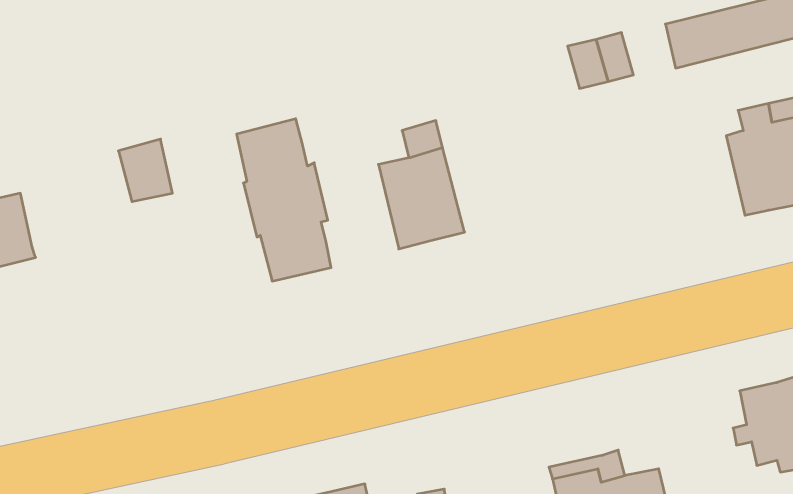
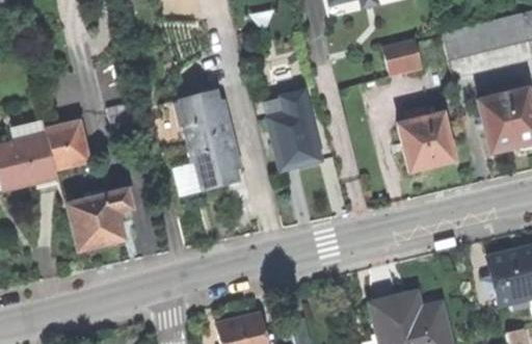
building: none -> [400,108,454,169]
building: none -> [46,124,88,169]
building: none -> [68,189,131,249]

